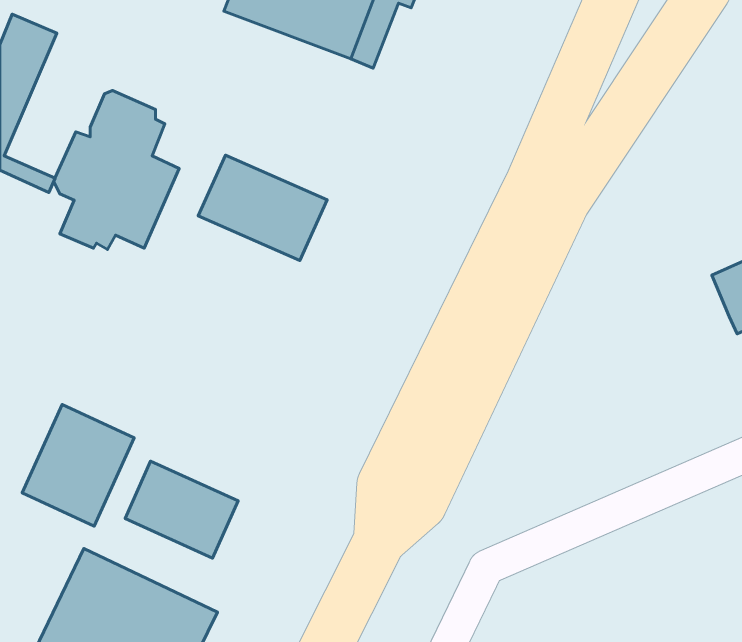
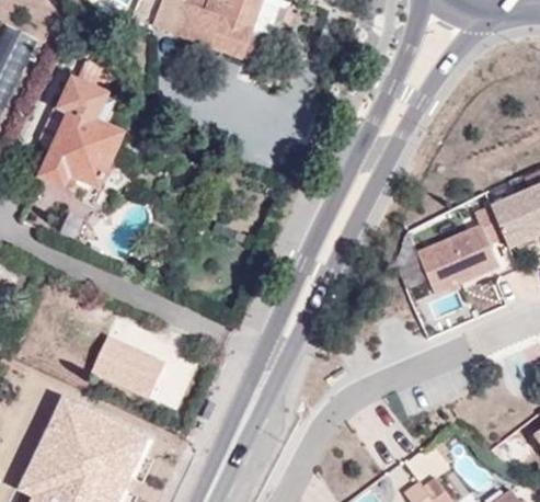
building: [198,155,327,261] -> none
building: none -> [417,206,504,292]
building: [22,405,134,526] -> none

